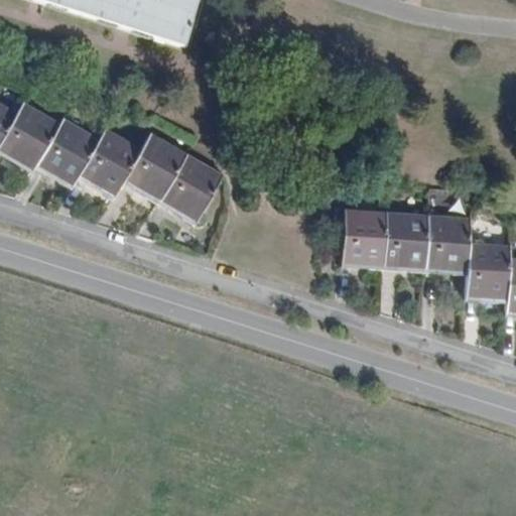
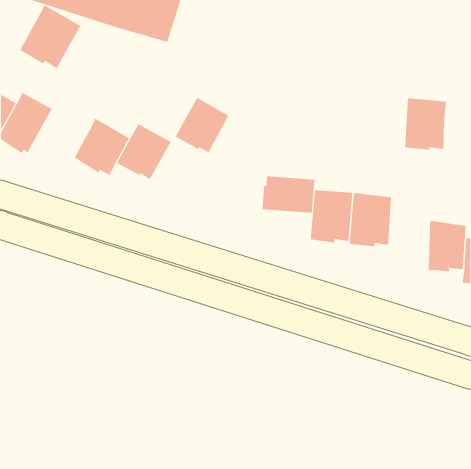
building: [32,115,100,185] -> [19,5,81,69]
building: [163,155,223,217] -> [175,97,229,153]
building: none -> [262,176,315,213]
building: [425,216,472,273] -> [404,98,447,150]

